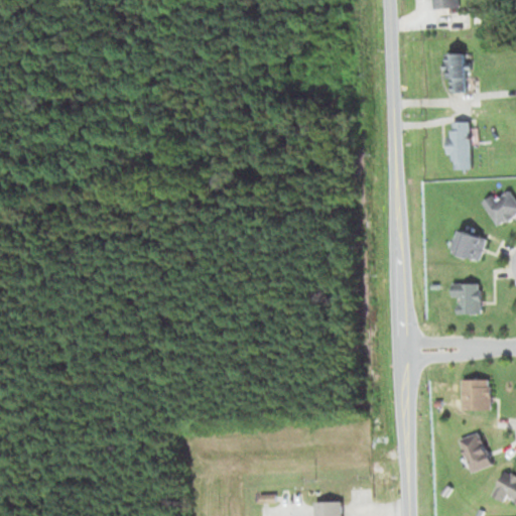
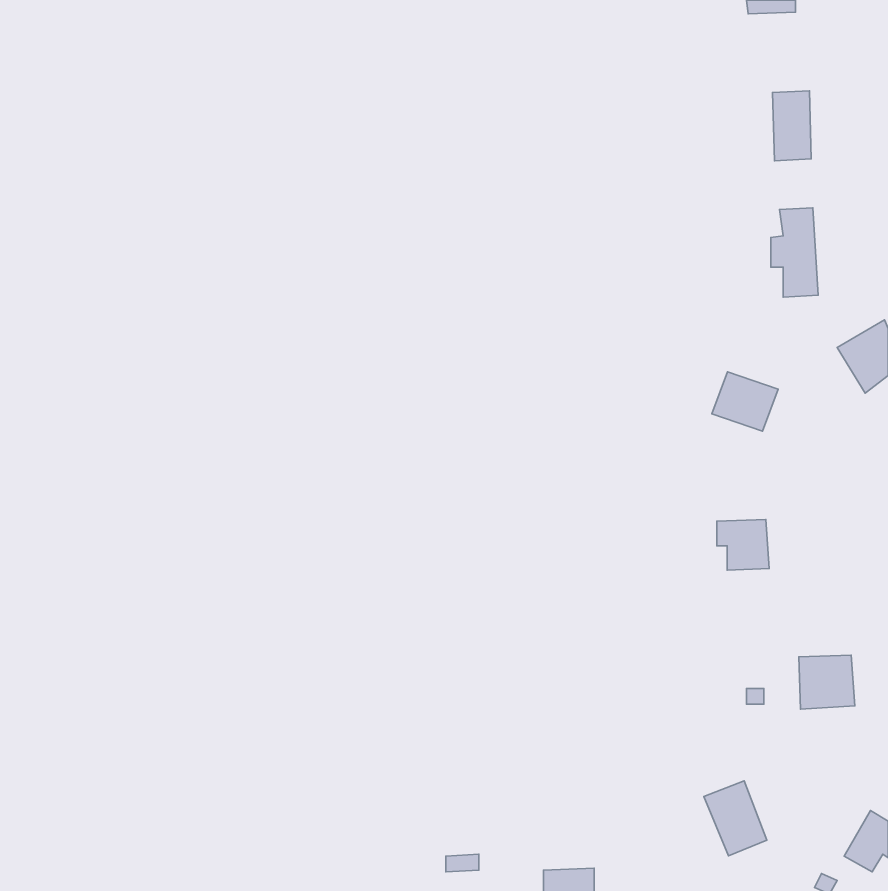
building: [449,229,488,263] -> [712,372,778,431]
building: [450,284,481,313] -> [717,520,769,570]
building: [457,430,493,474] -> [704,781,767,856]

